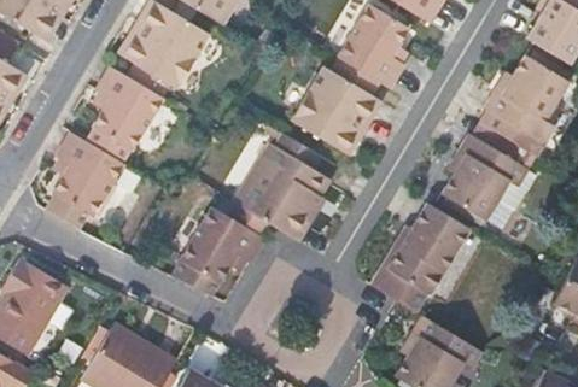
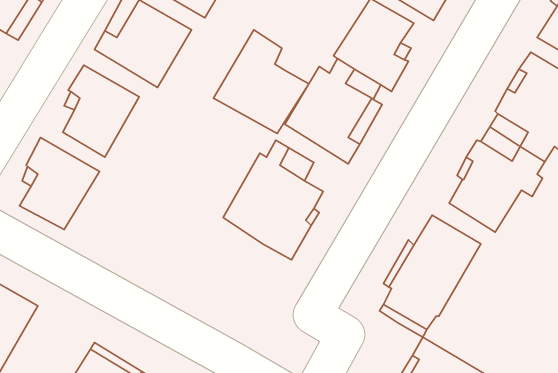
building: none -> [214,30,309,133]
building: [177,209,267,297] -> none

